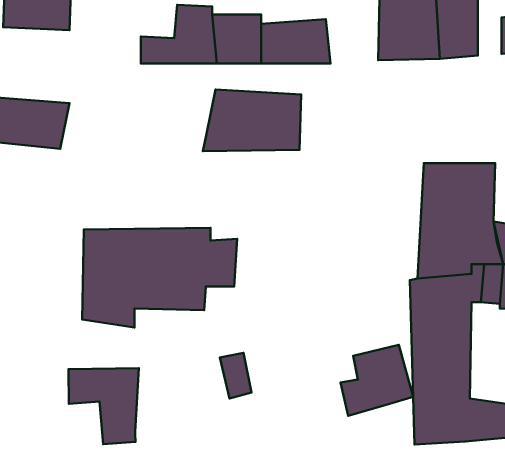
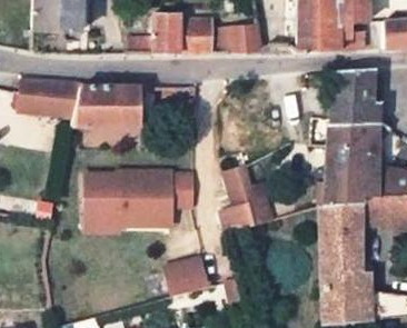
building: none -> [328,69,379,125]
building: [203,90,301,151] -> [70,82,139,126]
building: [340,345,413,416] -> [221,182,272,232]
building: [68,368,139,444] -> none

